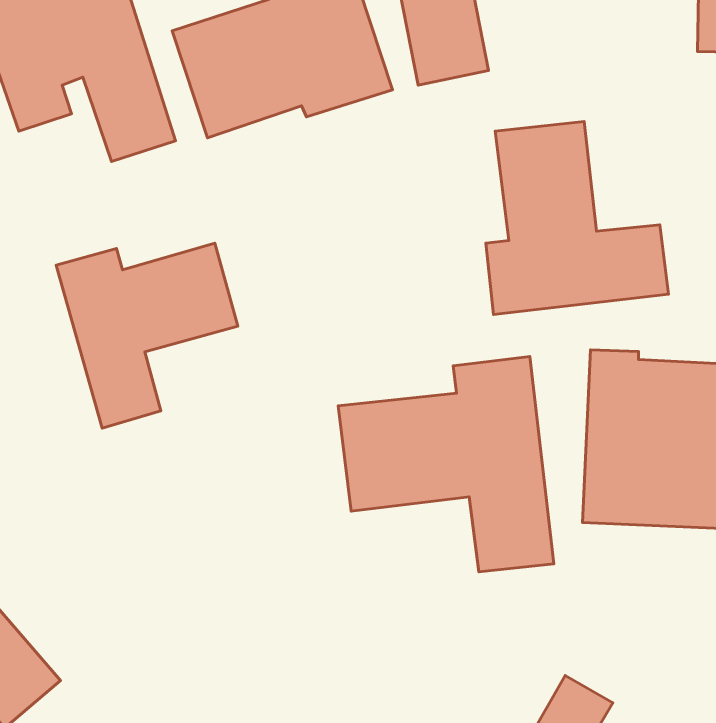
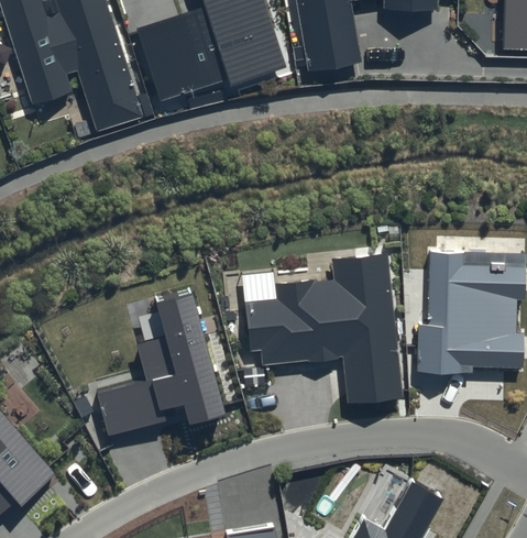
building: [486,122,668,314] -> none
building: [56,243,238,428] -> none
building: none -> [97,290,226,440]

